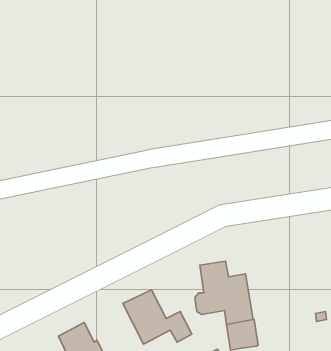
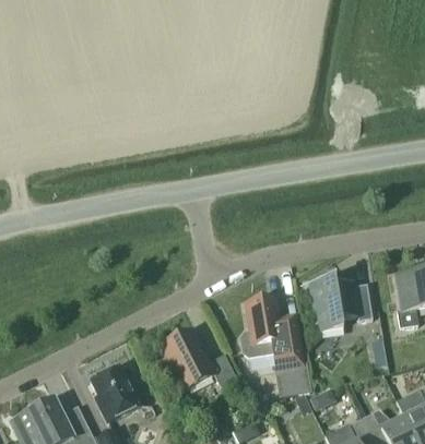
building: none -> [308,276,371,331]

